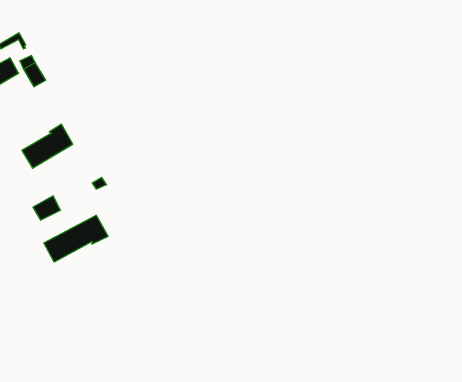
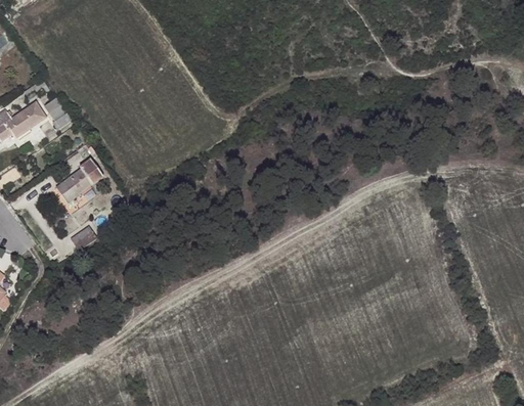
building: [44,215,108,262] -> none

